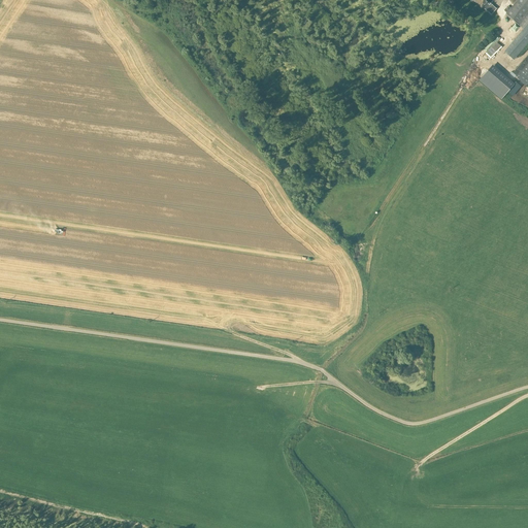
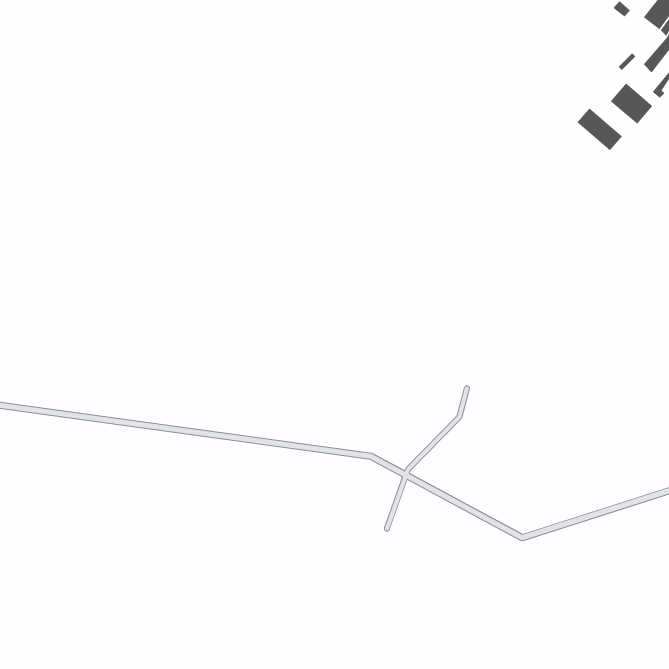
building: none -> [577,107,623,151]

